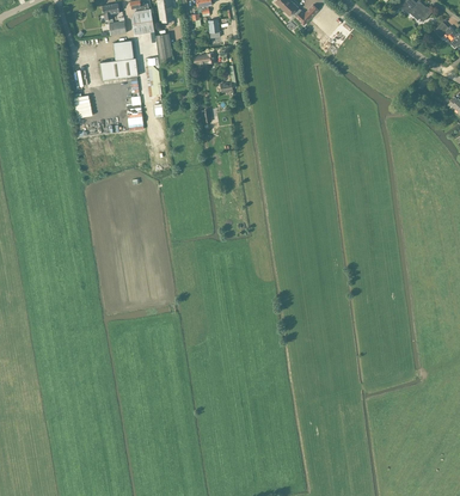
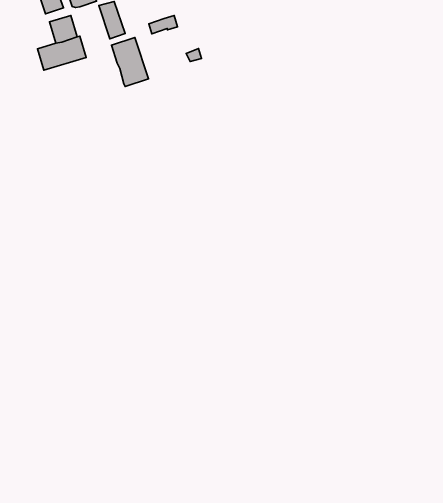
building: none -> [111,37,149,87]

